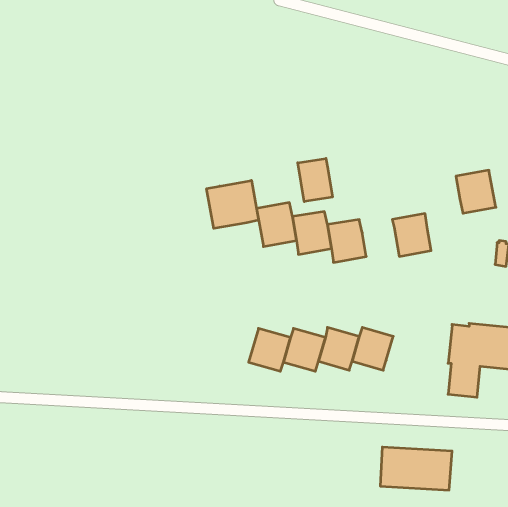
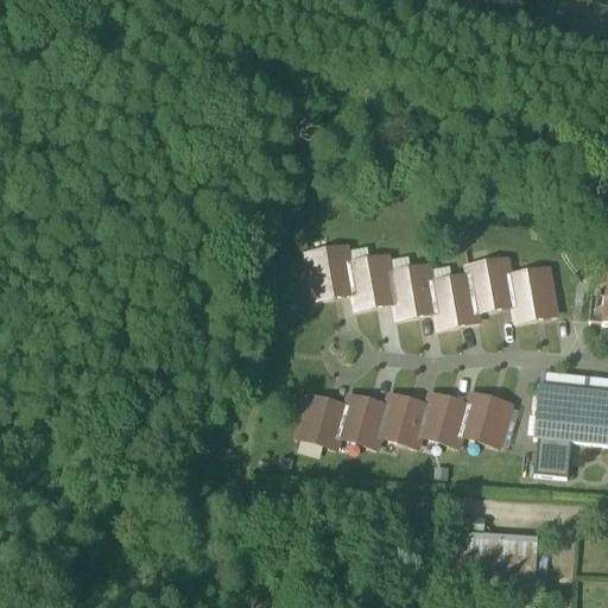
building: [298,158,332,202] -> none
building: [456,170,496,213] -> [511,267,558,318]
building: [207,180,259,228] -> none
building: none -> [433,274,479,325]
building: none -> [462,392,513,443]

